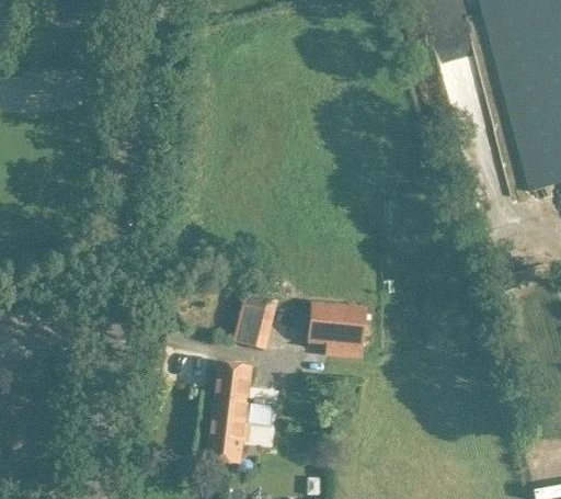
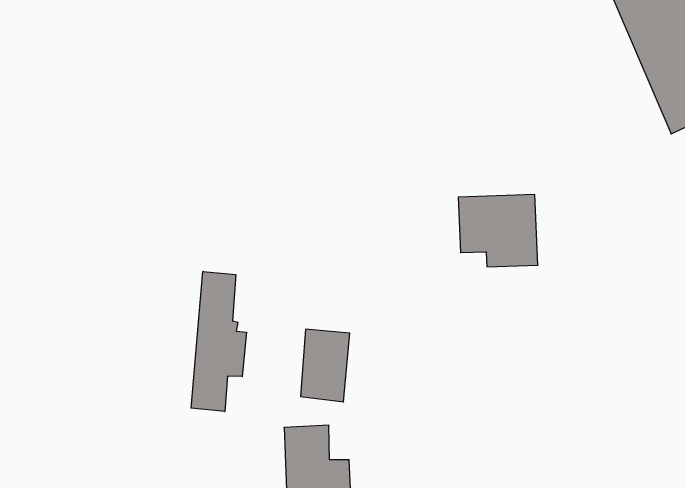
building: none -> [191,271,246,412]
building: [307,300,367,359] -> [458,195,538,267]

